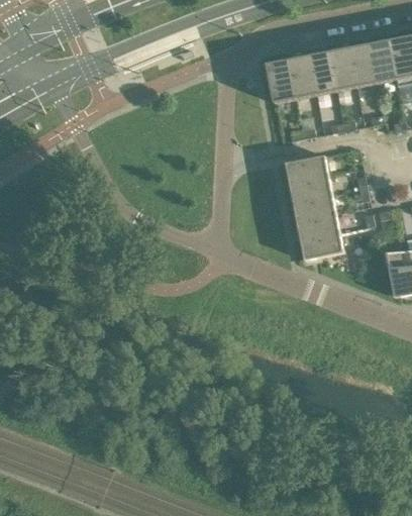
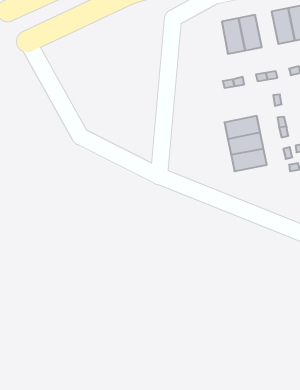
building: [325,47,353,91] -> none
building: [265,60,292,103] -> none
building: [284,156,327,183] -> none
building: [300,234,342,262] -> none

